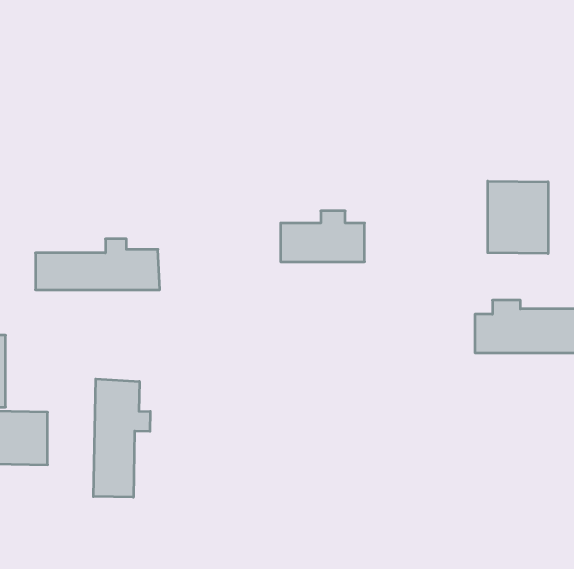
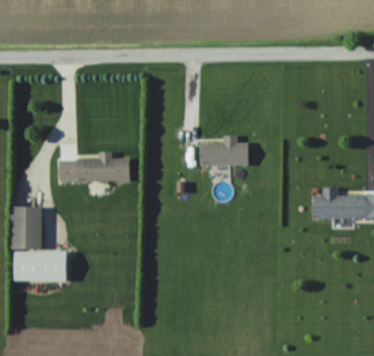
building: [488,181,548,254] -> none
building: [93,379,150,497] -> none

